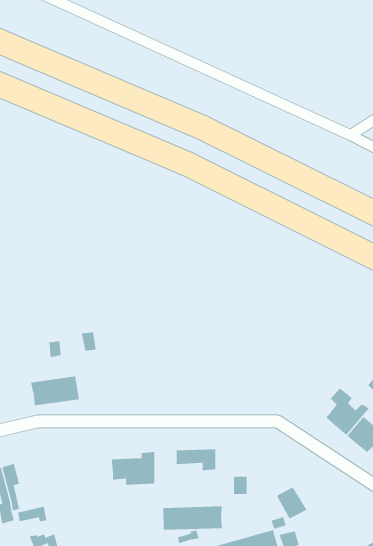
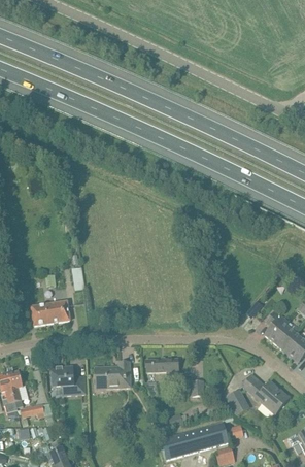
building: none -> [52,365,86,395]
building: none -> [242,374,290,411]
building: [163,506,222,531] -> none

